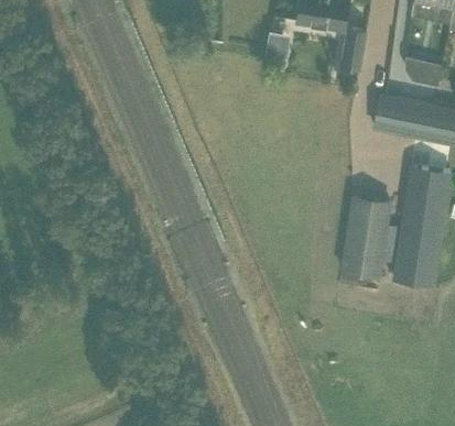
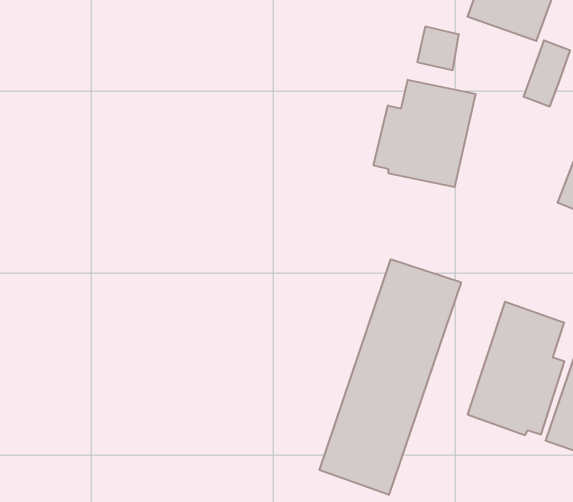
building: none -> [374,80,476,187]
building: none -> [320,259,461,495]

